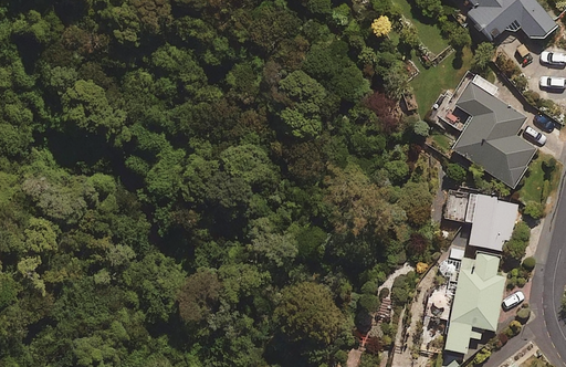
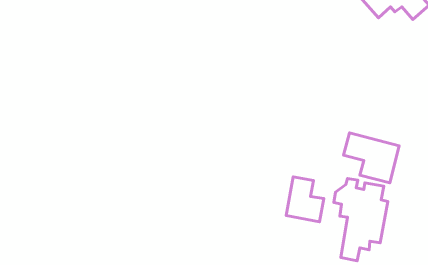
building: [452,72,537,188] -> none
building: none -> [286,177,324,222]

